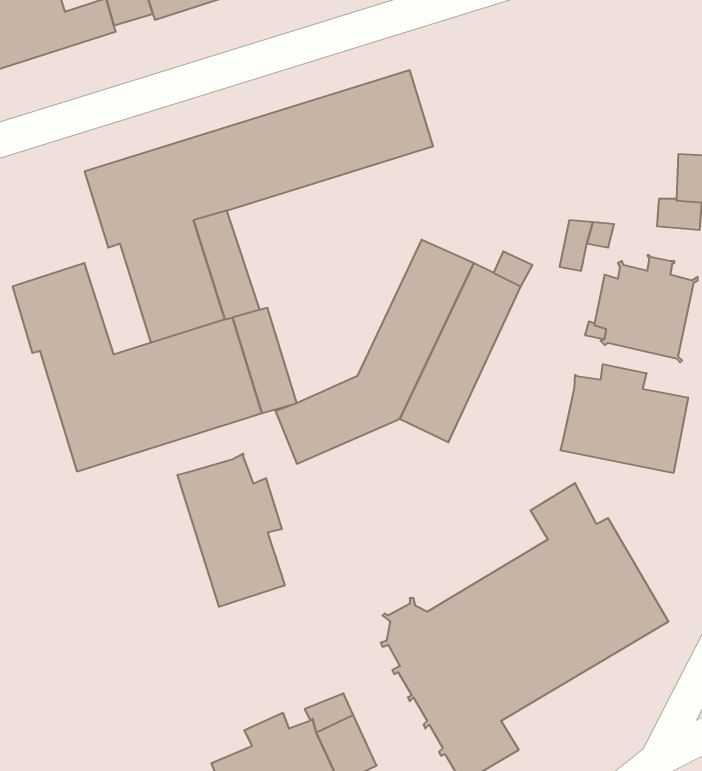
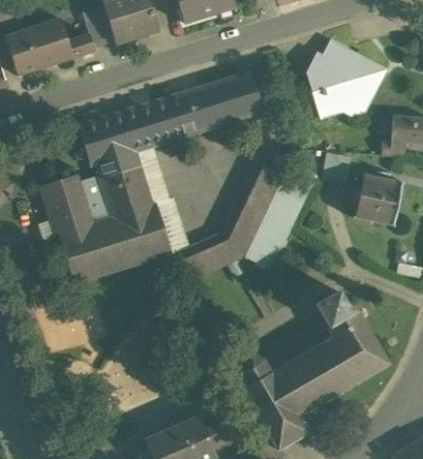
building: none -> [307,40,387,117]
building: [560,364,688,473] -> none
building: [177,453,285,607] -> none

